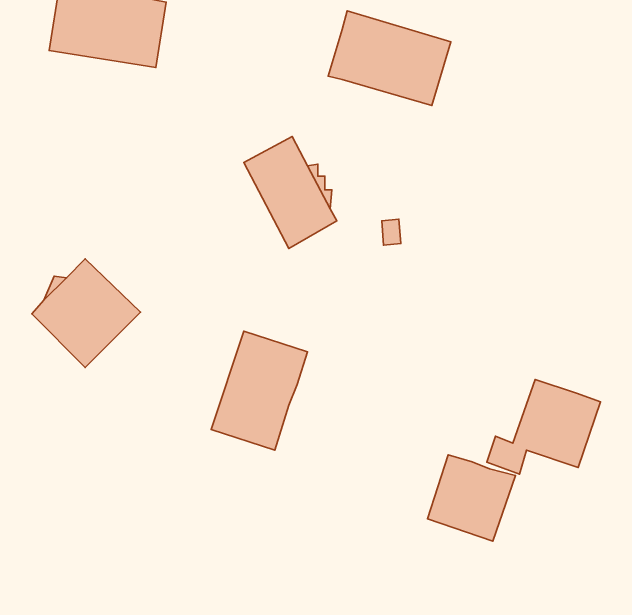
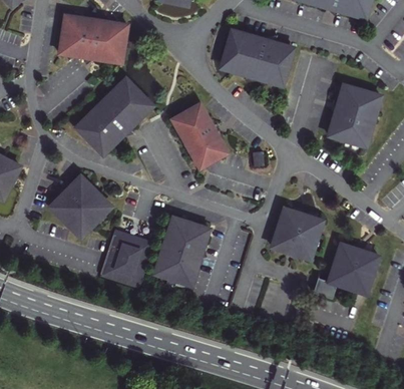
building: none -> [75,77,152,154]
building: none -> [329,84,380,145]
building: none -> [101,234,152,285]
building: [427,455,515,541] -> [272,209,323,259]

